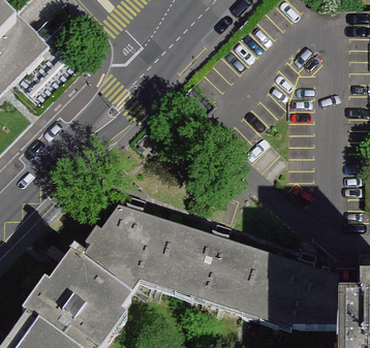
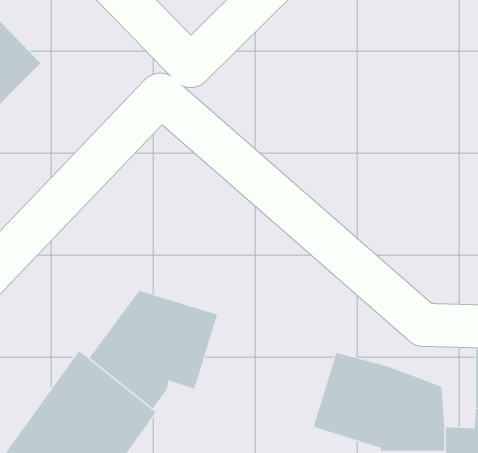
building: [158,228,259,309] -> none

